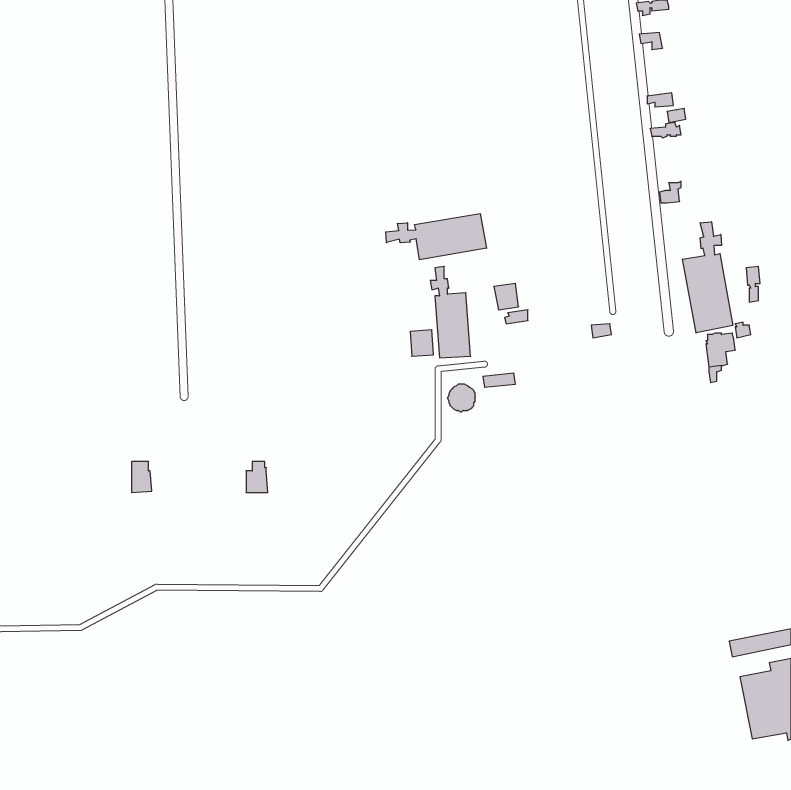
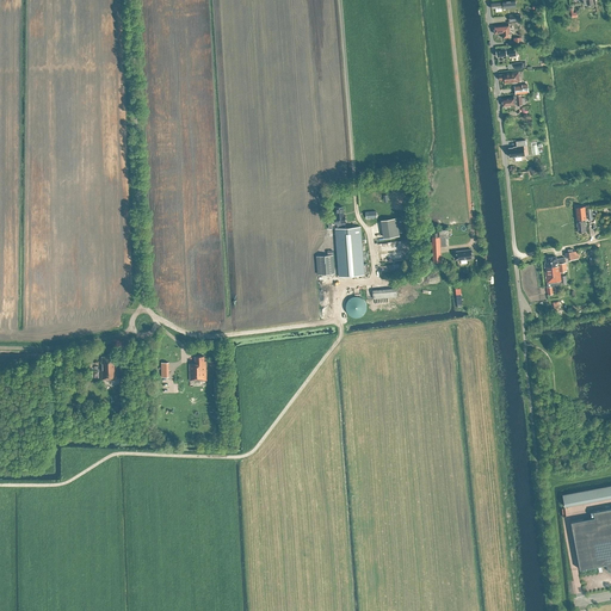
building: [386,214,487,260] -> none
building: [683,222,733,333] -> none

